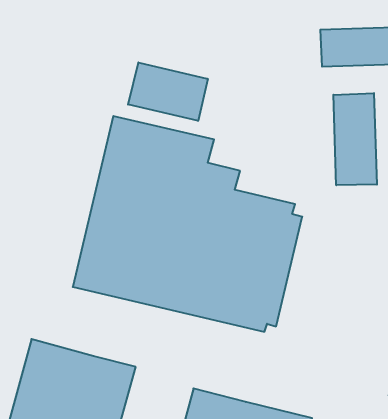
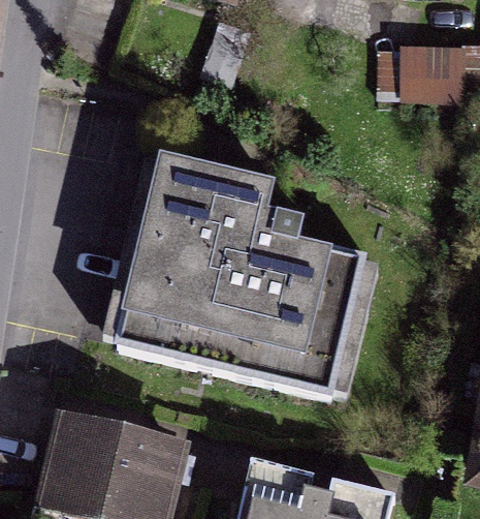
building: [128,62,208,121] -> none
building: [333,93,377,185] -> none

